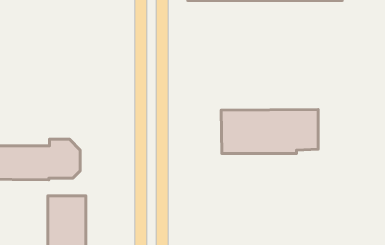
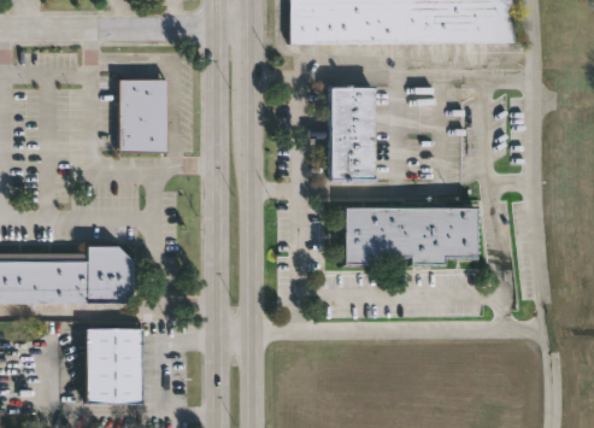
building: none -> [117,80,165,153]
building: none -> [329,84,374,178]

